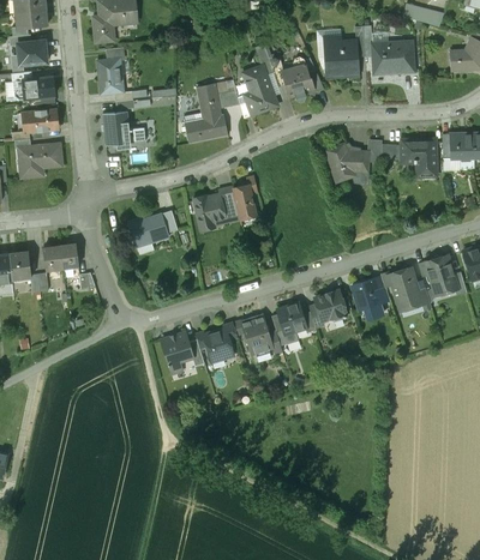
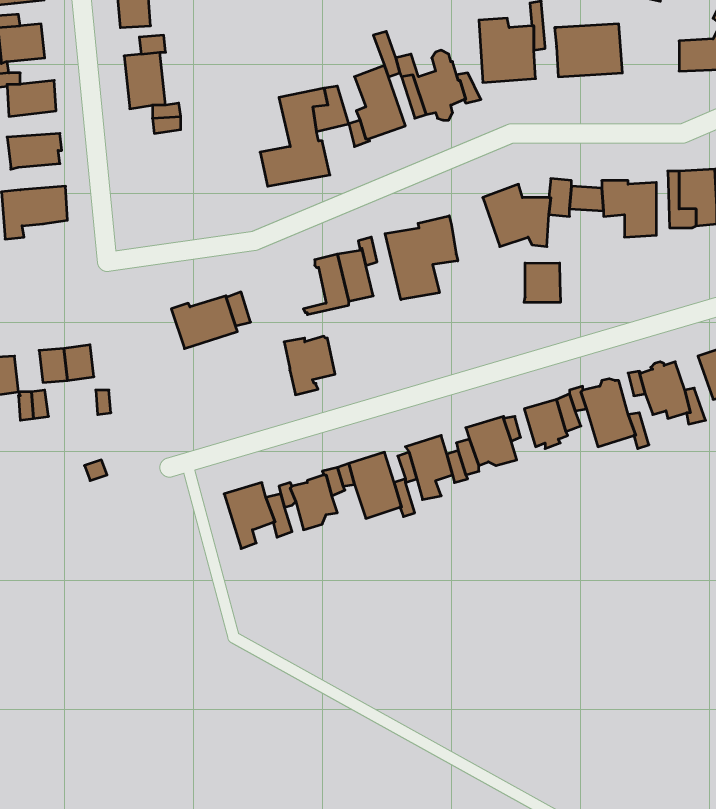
building: [102,112,145,145] -> none
building: none -> [385,216,458,300]
building: none -> [524,263,560,302]
building: [193,194,226,231] -> [284,336,335,395]

